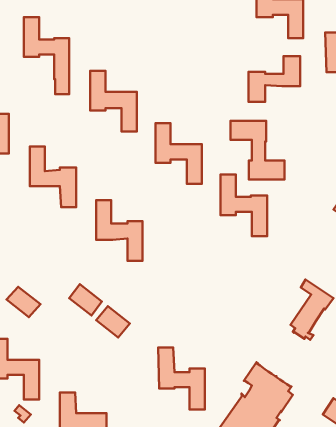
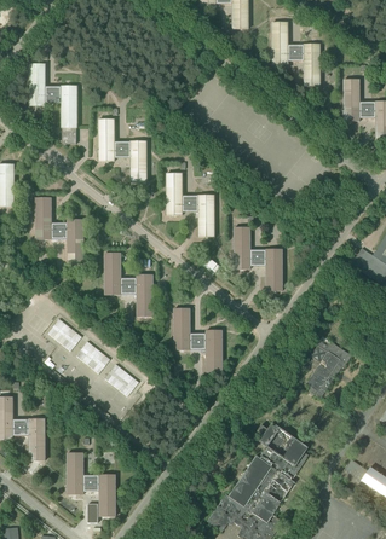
building: [249,56,300,102] -> none
building: [230,121,284,179] -> none
building: [7,287,40,317] -> [47,319,82,350]
building: [158,348,205,409] -> [173,308,221,372]

